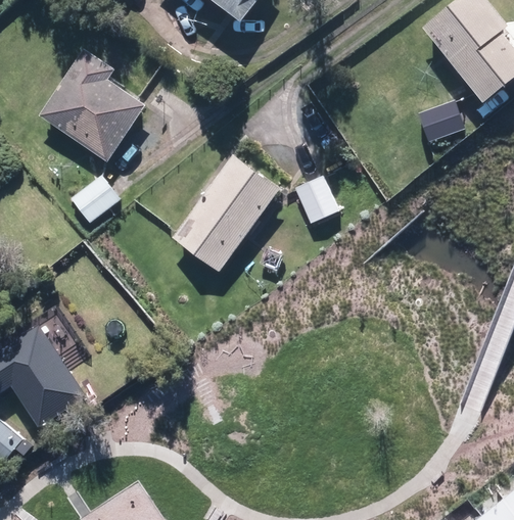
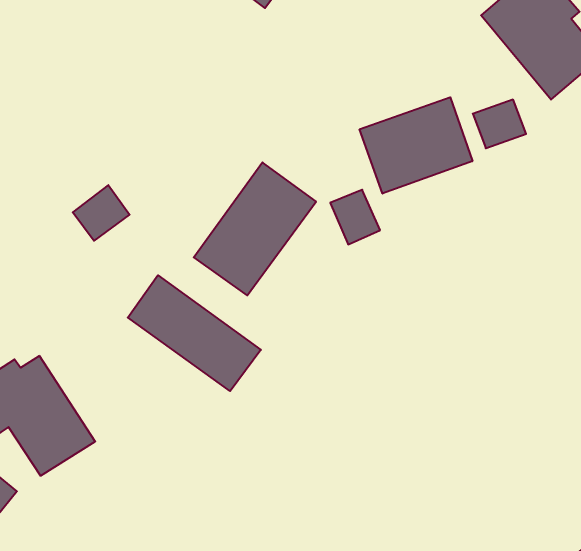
building: [41,50,146,161] -> none
building: none -> [360,97,472,194]
building: none -> [128,275,261,391]

